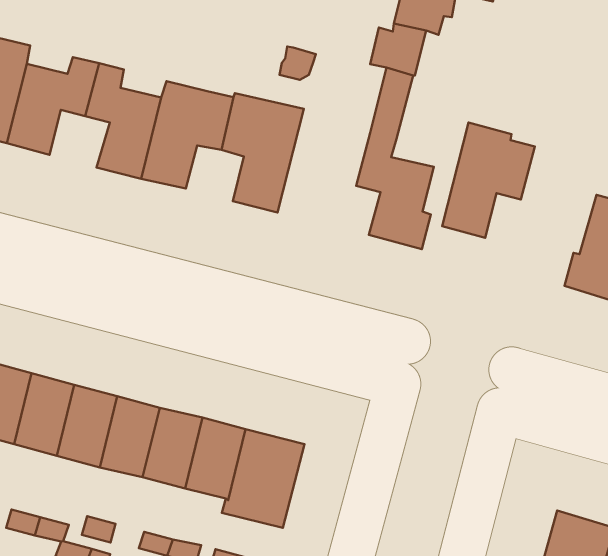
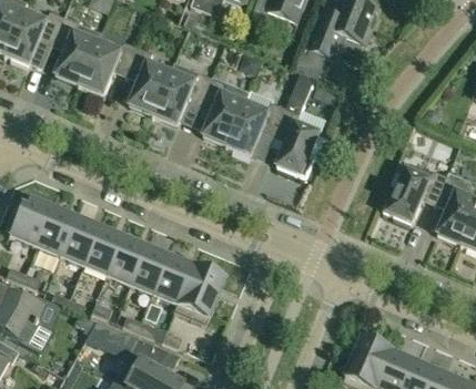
building: [442,122,535,238] -> [227,89,286,155]

